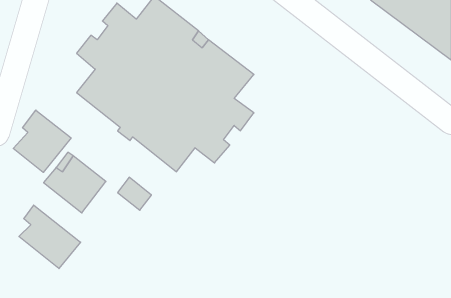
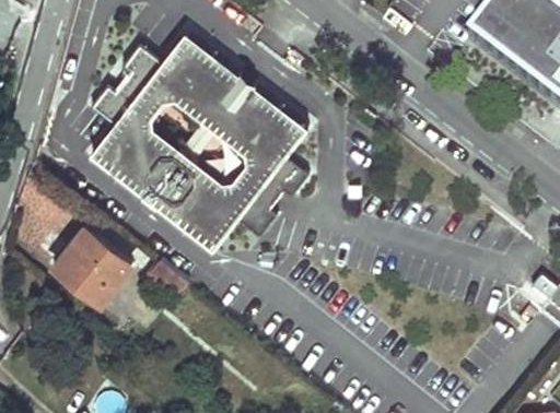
building: [13,110,71,172] -> none
building: [19,205,81,269] -> none

